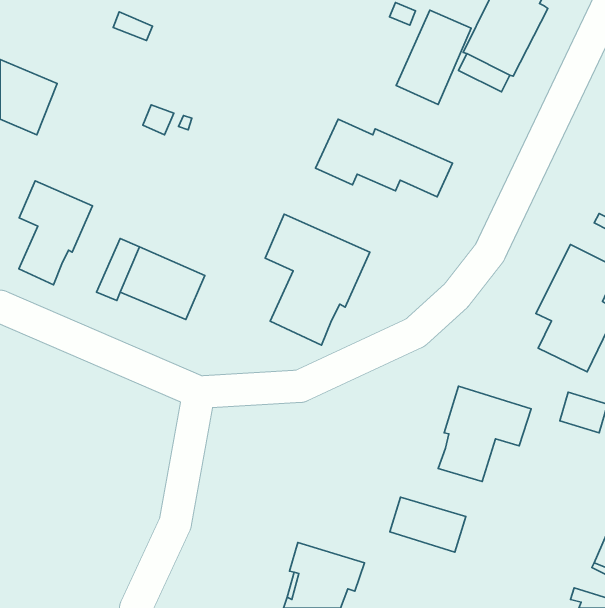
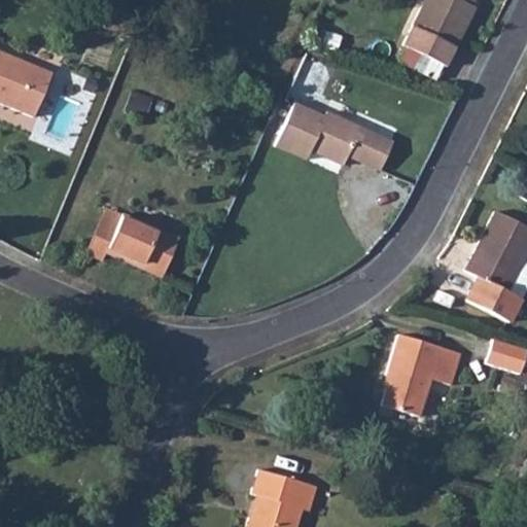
building: [396,10,471,104] -> none
building: [19,181,92,285] -> none
building: [265,214,370,345] -> none
building: [390,497,466,552] -> none

